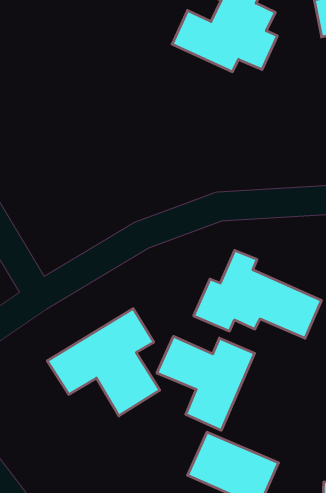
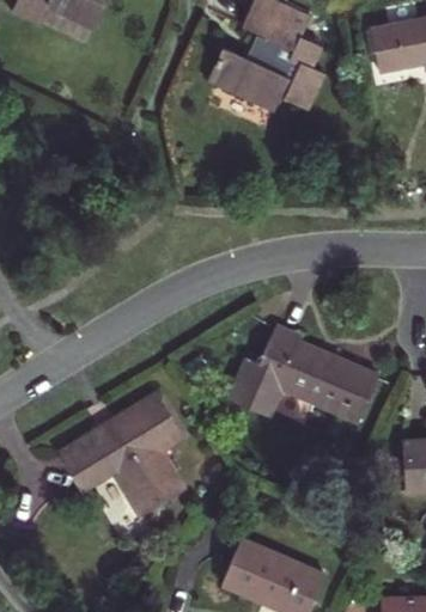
building: [157,336,255,430] -> none

